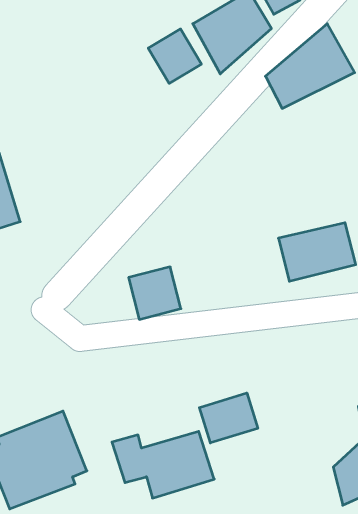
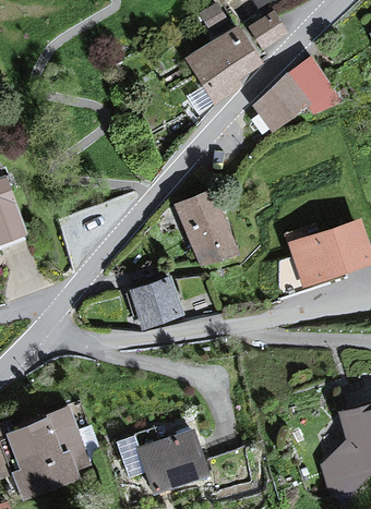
building: [148,29,201,83] -> none
building: none -> [177,190,236,264]
building: [199,393,258,443] -> none

